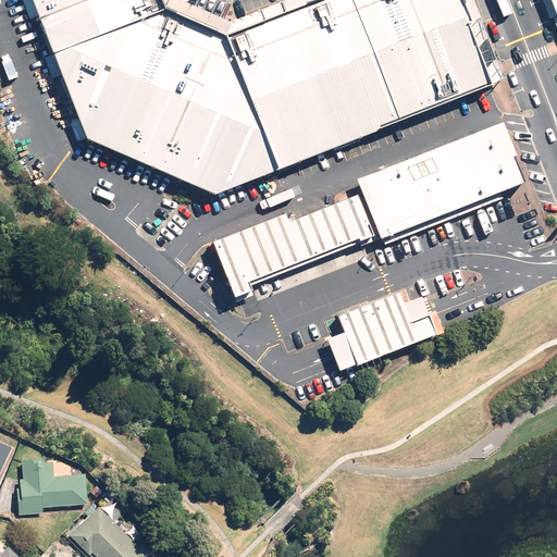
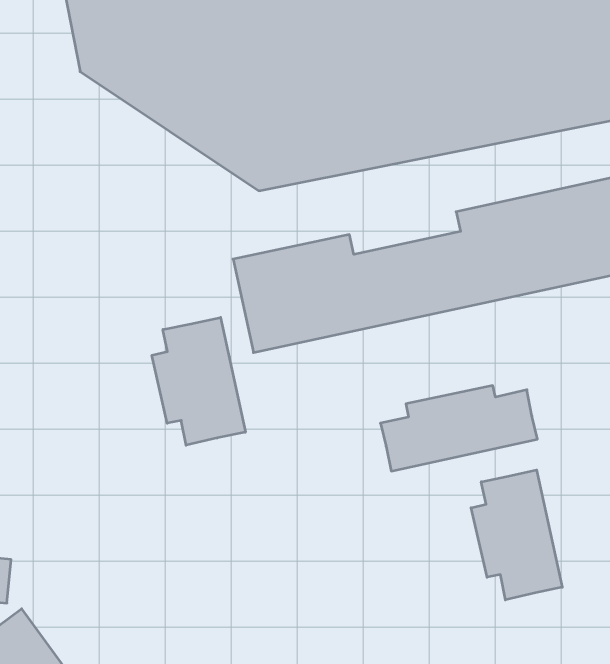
building: none -> [152,317,245,445]
building: none -> [471,470,562,600]

